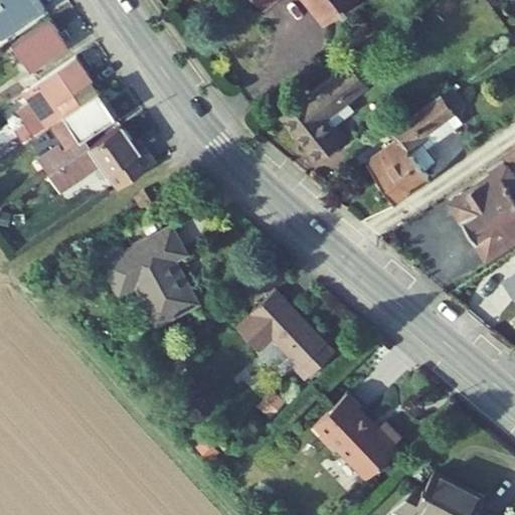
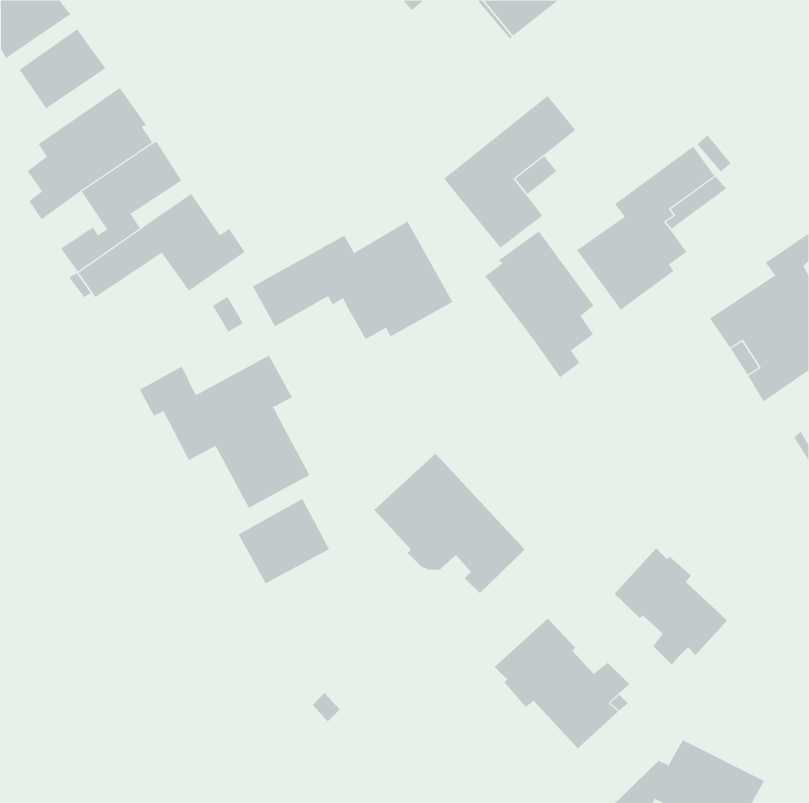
building: none -> [252,220,453,340]
building: none -> [484,231,594,378]
building: none -> [238,498,330,584]
building: none -> [614,547,728,666]

